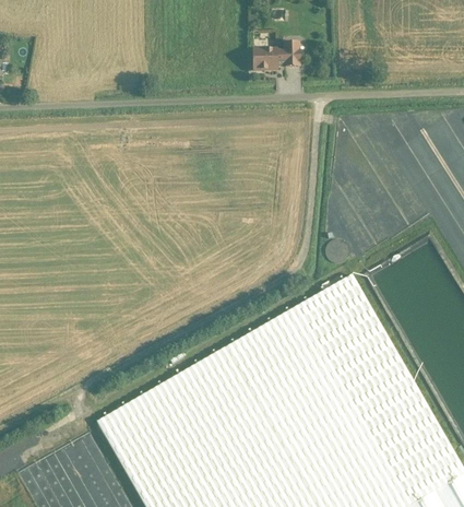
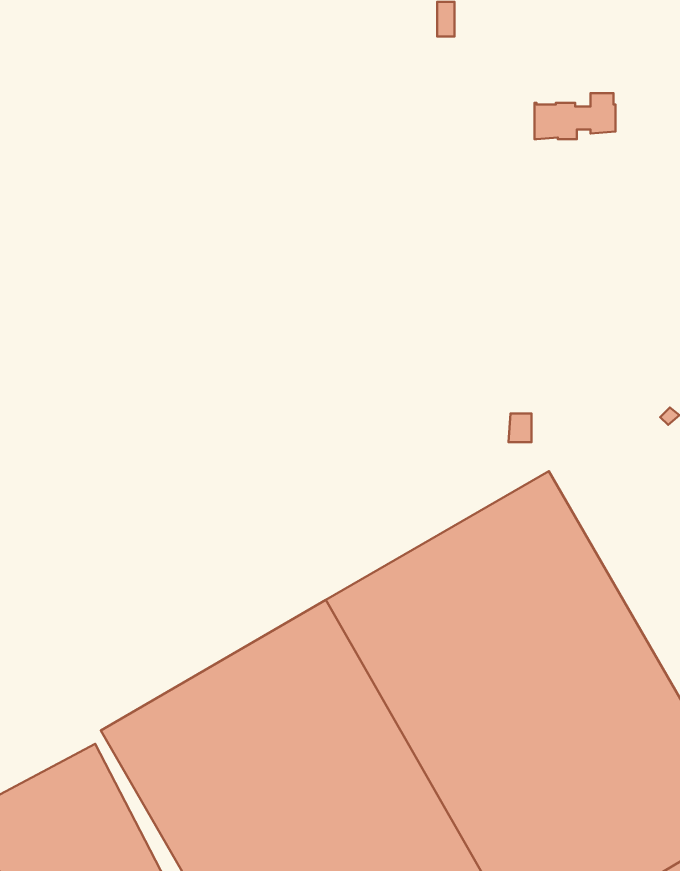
building: [253,44,299,70] -> [535,93,615,139]

